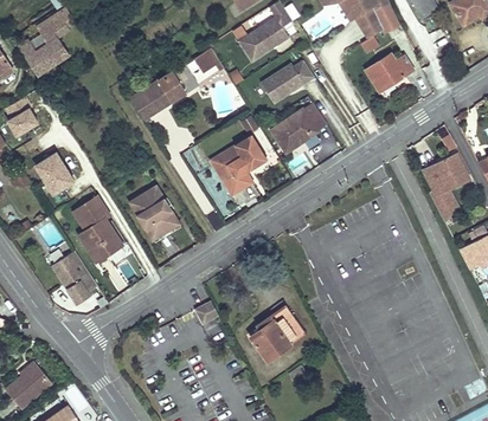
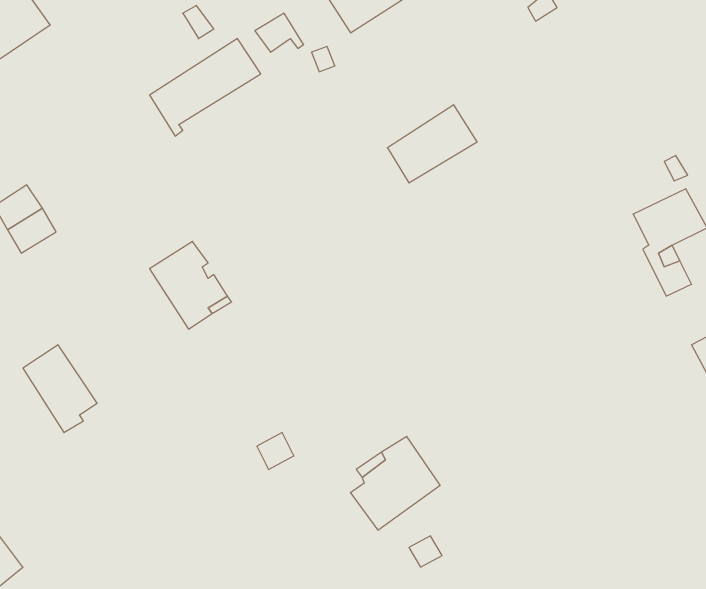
building: [365,54,413,91] -> none
building: [261,60,315,103] -> none
building: [212,136,267,195] -> none
building: [73,196,122,257] -> none

